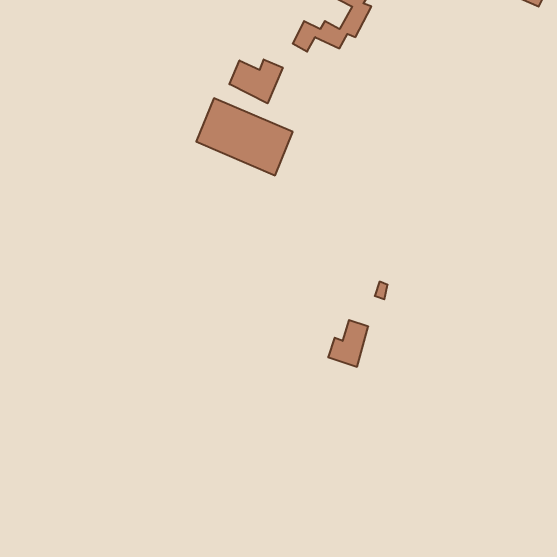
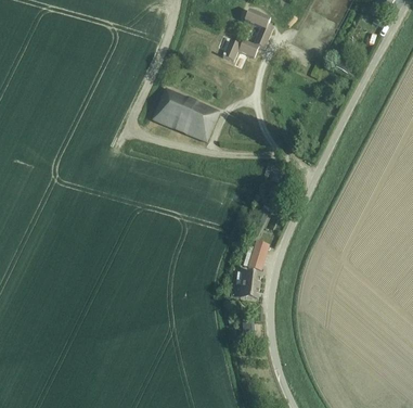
building: [229,59,283,103] -> none
building: none -> [235,272,260,297]

